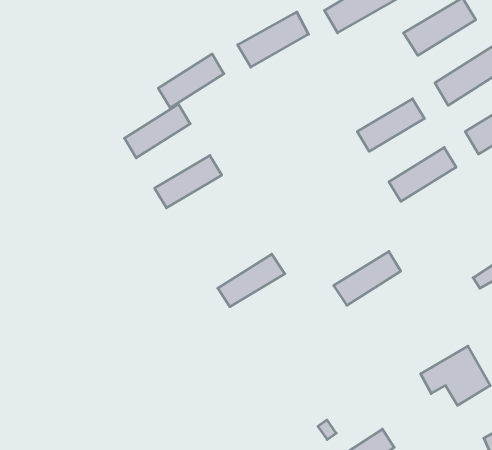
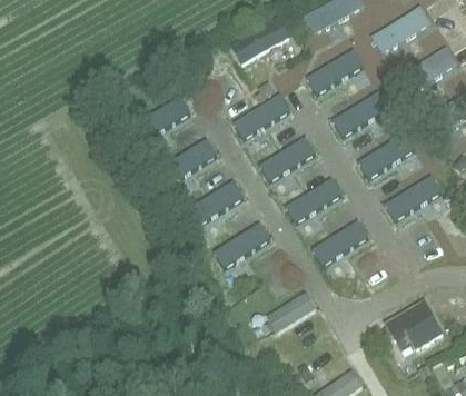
building: none -> [307,49,363,93]
building: [158,54,224,108] -> [234,93,289,139]
building: none -> [259,137,315,181]
building: none -> [385,175,440,220]
building: none -> [285,178,341,222]
building: none -> [187,180,244,226]
building: none -> [267,294,316,334]

